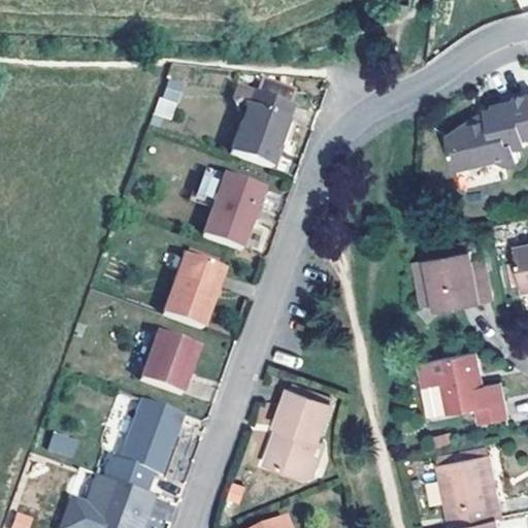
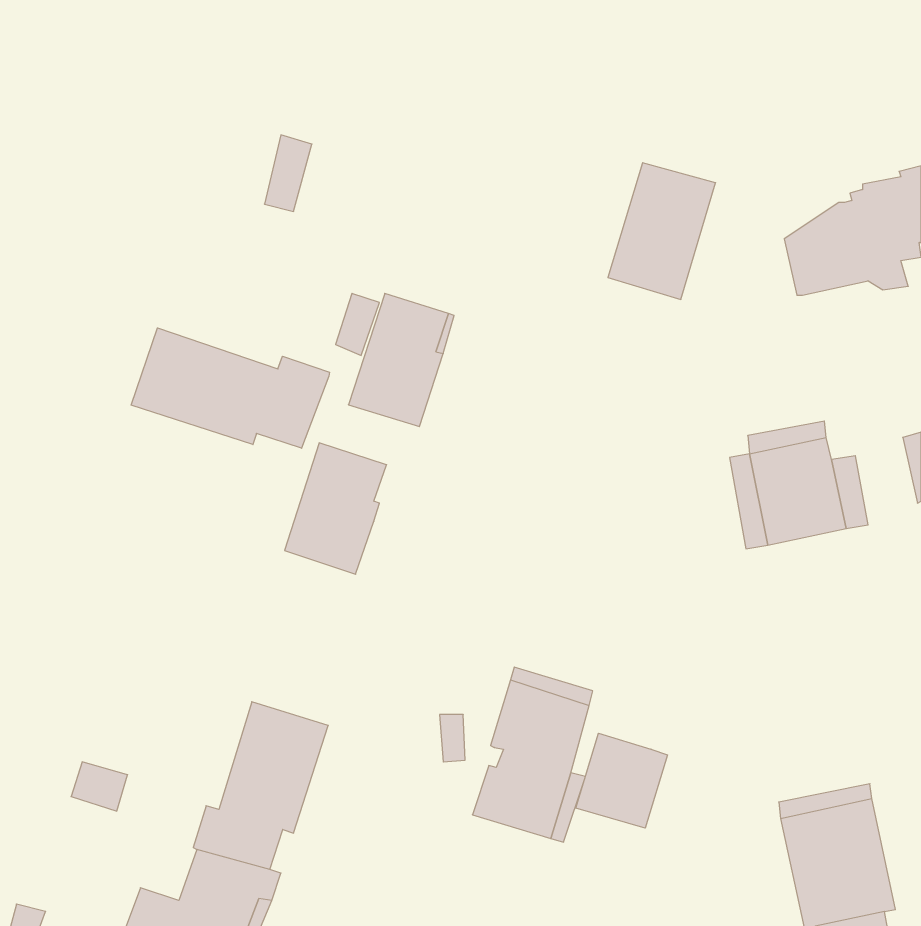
building: [222,82,283,160] -> [608,163,716,299]
building: none -> [131,328,329,448]
building: [141,332,197,392] -> none
building: [424,353,510,423] -> none
building: none -> [576,733,667,828]

